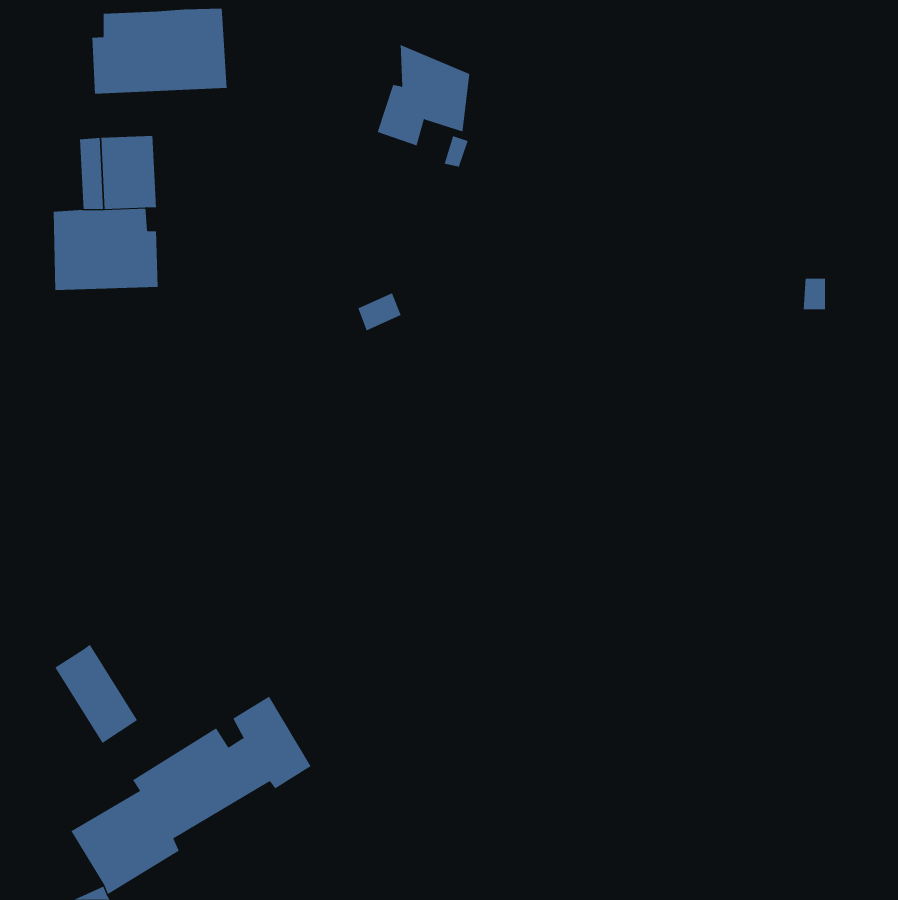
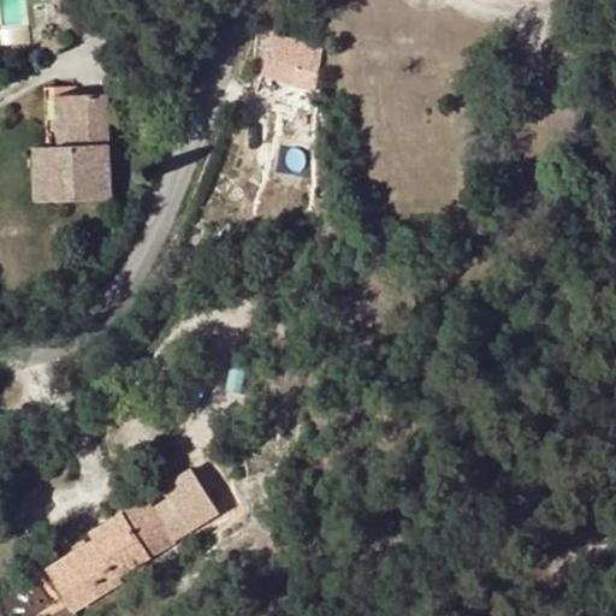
building: [92,8,227,95] -> none
building: [55,644,138,744] -> none

